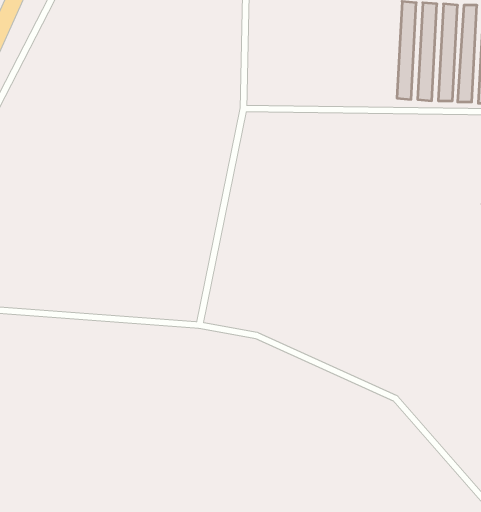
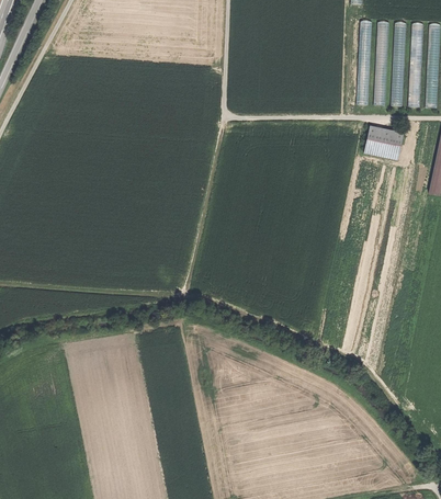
building: none -> [363,125,403,159]

